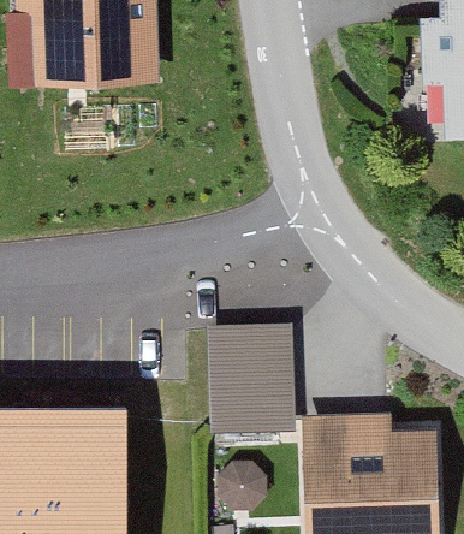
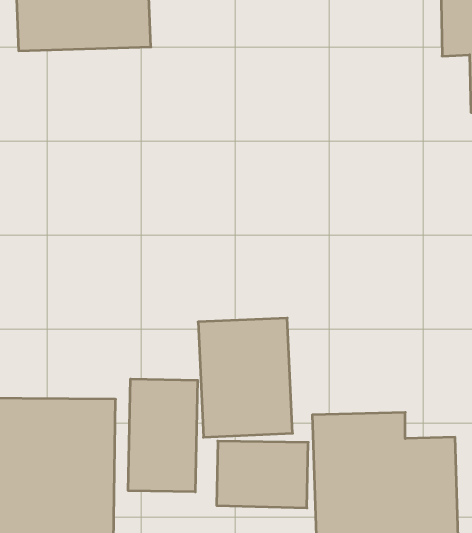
building: none -> [128,379,198,492]

